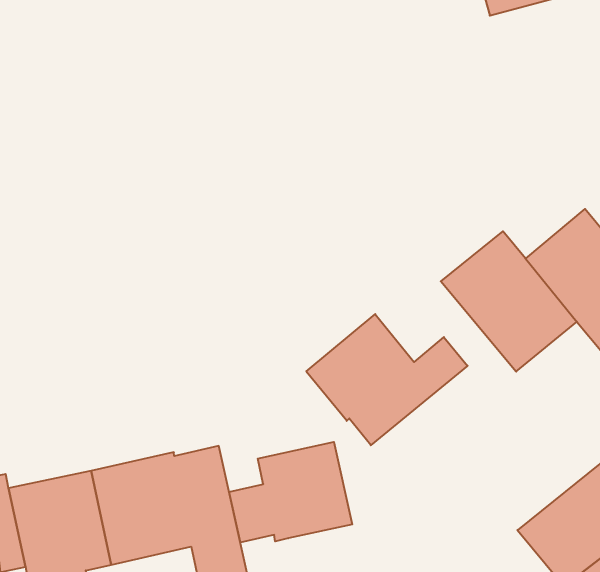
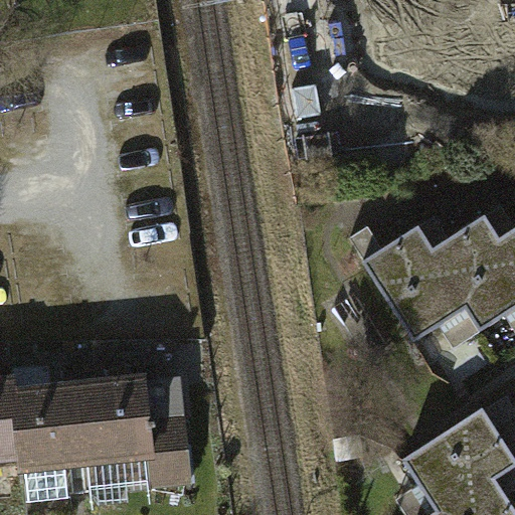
building: [306,314,468,445] -> none
building: [229,442,352,543] -> none

